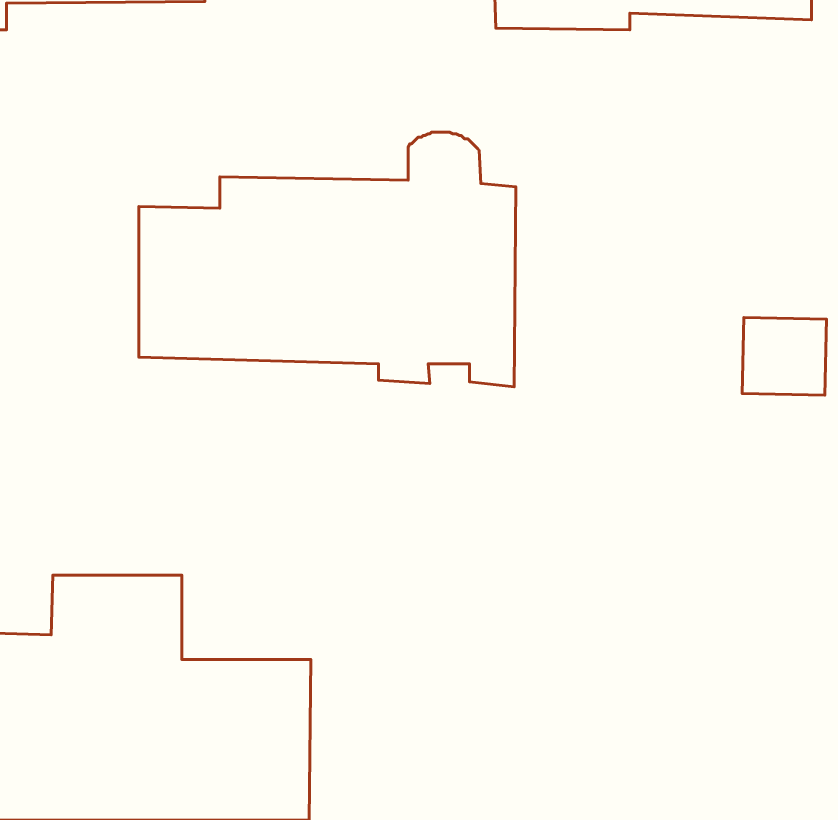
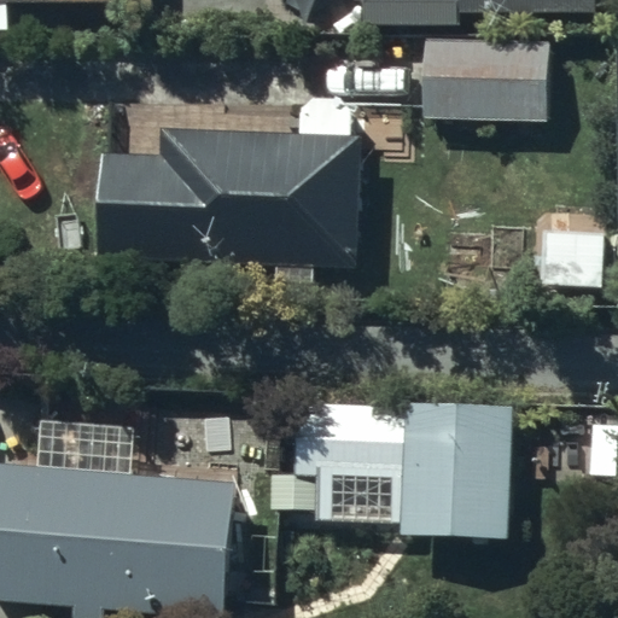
building: none -> [421,39,547,115]
building: none -> [293,400,512,541]

